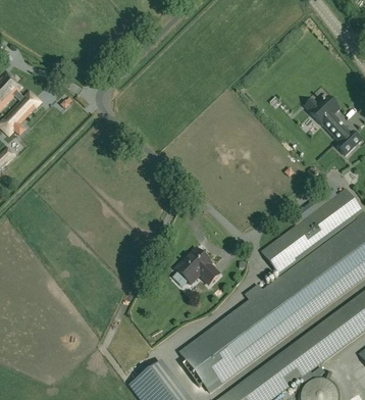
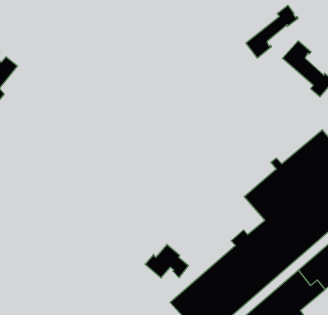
building: none -> [246,5,298,58]
building: [176,251,220,286] -> [145,244,188,278]

